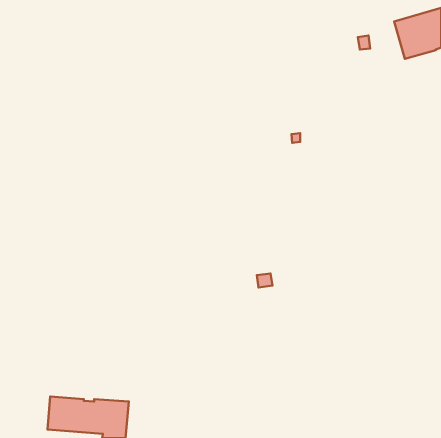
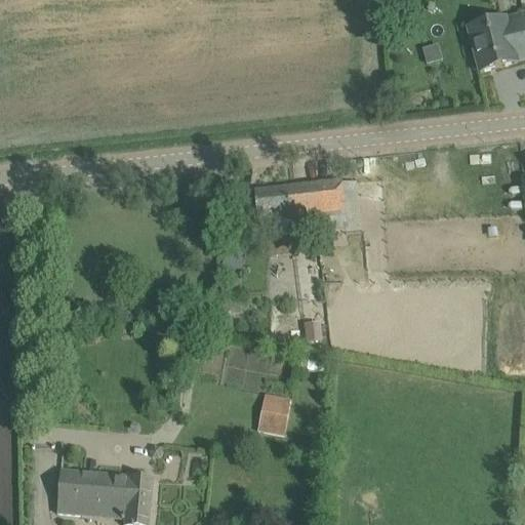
building: none -> [254,177,345,230]
building: none -> [258,393,286,432]

